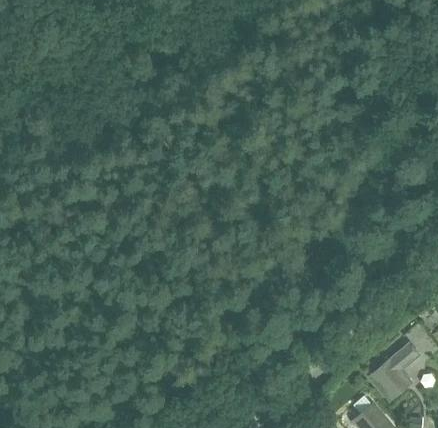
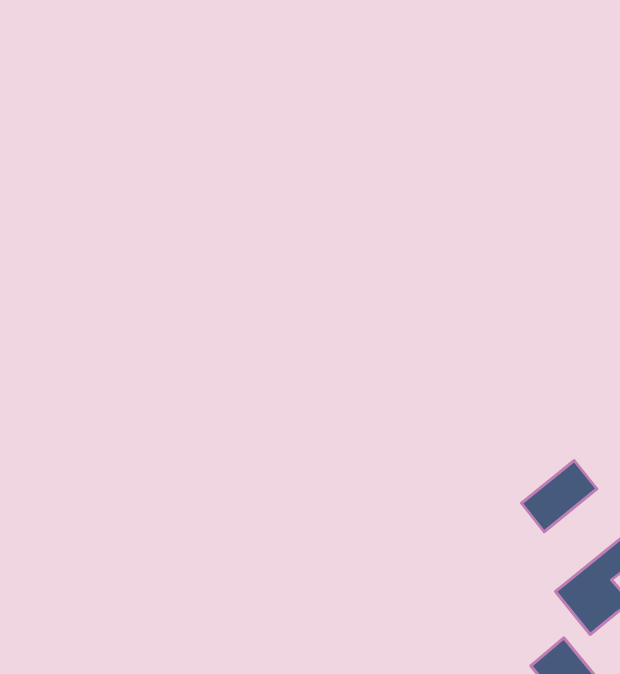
building: none -> [522,461,597,532]

